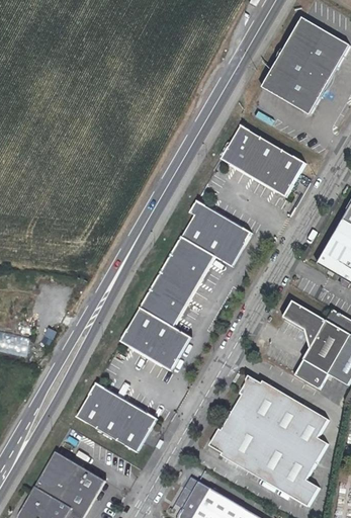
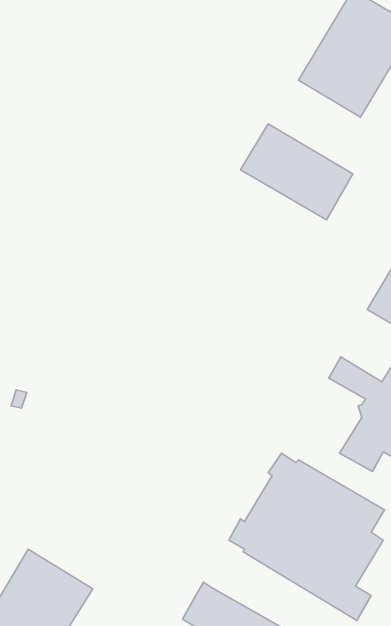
building: [118,198,250,370] -> none
building: [74,381,155,451] -> none

